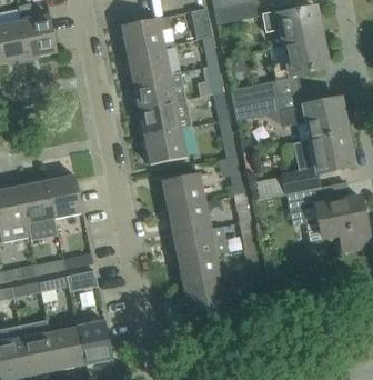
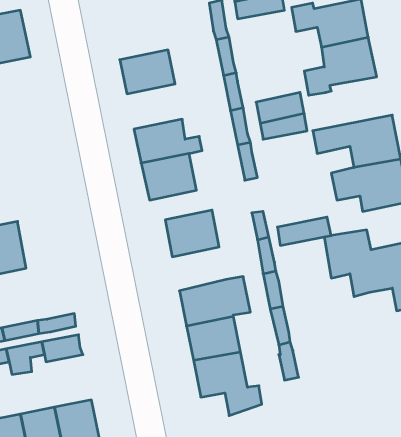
building: [122,18,165,54] -> none
building: [133,73,177,109] -> none
building: [48,176,83,218] -> none
building: [169,201,211,236] -> none

